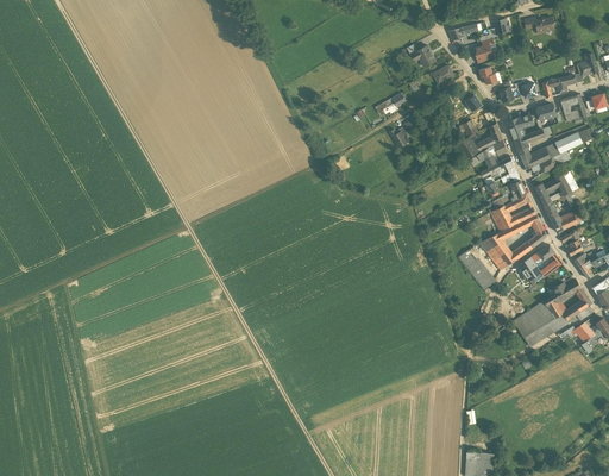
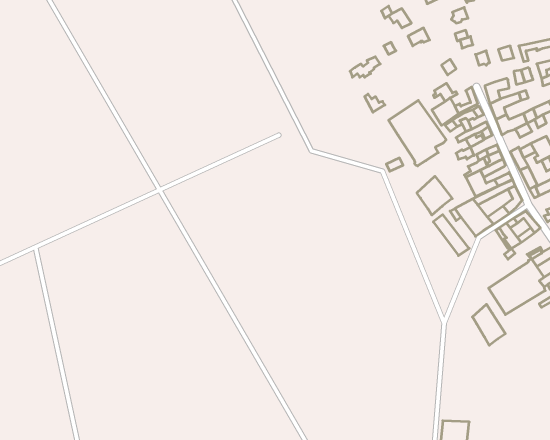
building: none -> [389,100,446,166]
building: none -> [417,176,452,215]
building: none -> [472,304,505,345]

